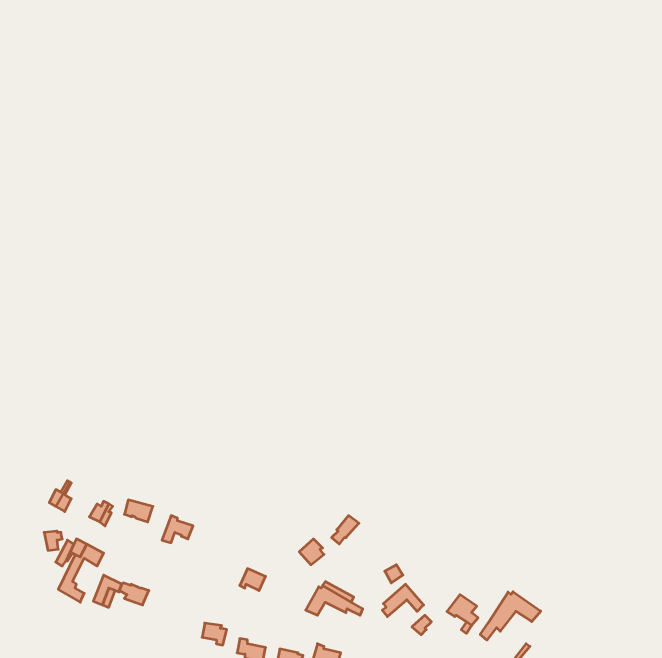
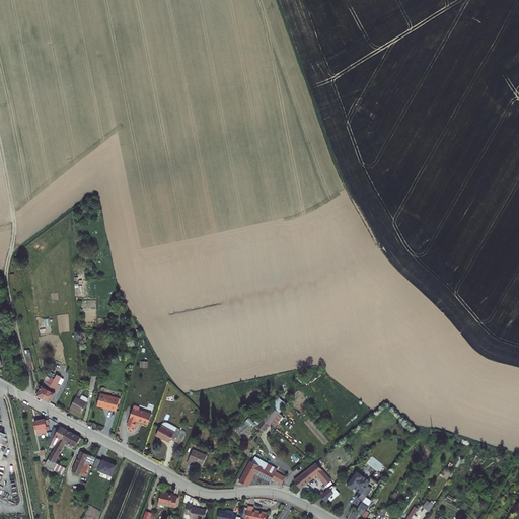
building: none -> [155,423,186,445]
building: [480,592,541,640] -> none

